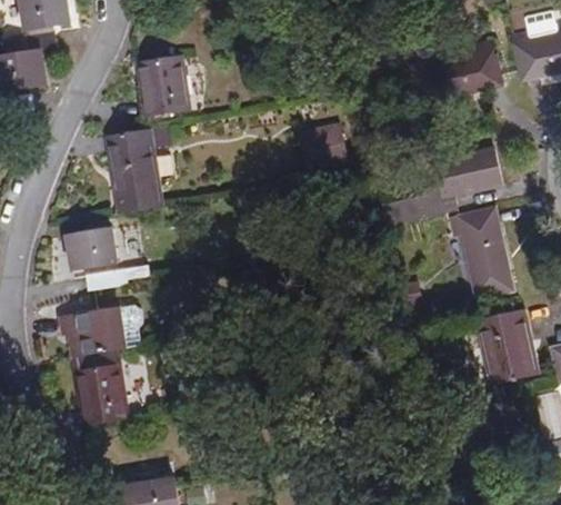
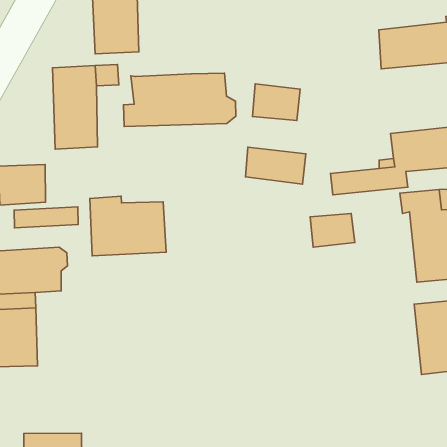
building: none -> [124,73,236,127]
building: none -> [246,147,306,184]
building: none -> [310,213,355,247]
building: none -> [90,196,166,256]

